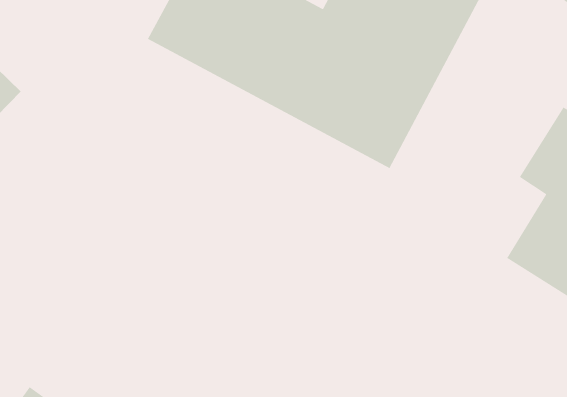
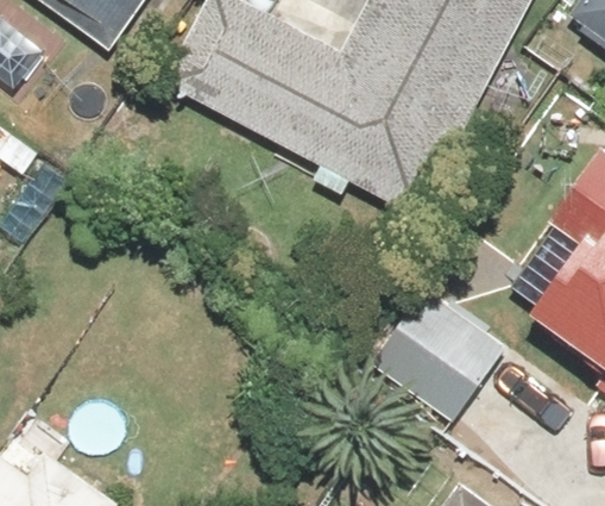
building: none -> [374,293,503,423]

